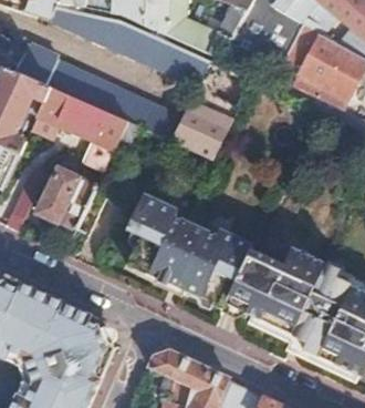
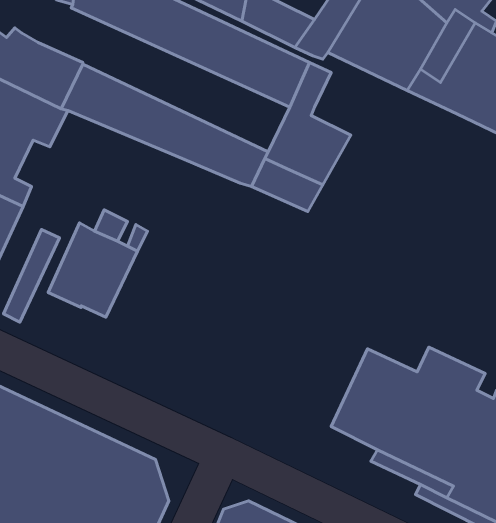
building: [31,90,126,161] -> none
building: [124,195,251,312] -> none

